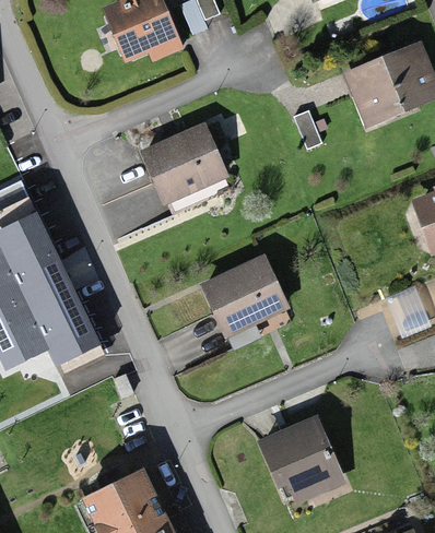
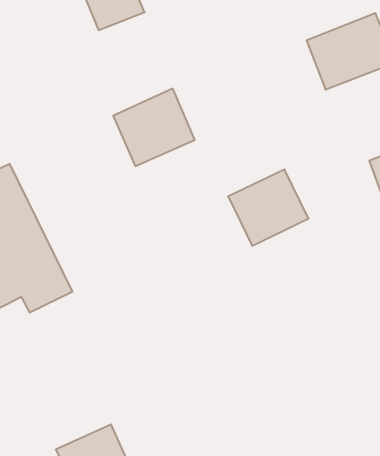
building: [203,259,287,339] -> [228,169,309,246]
building: [261,423,338,505] -> none

